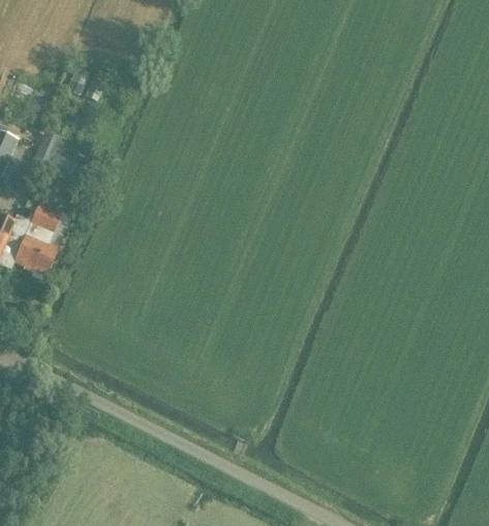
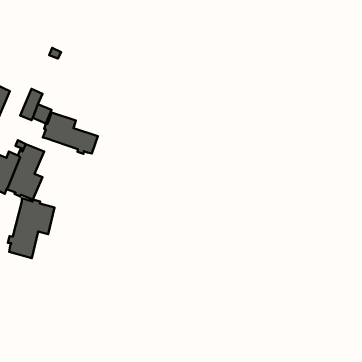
building: none -> [43,112,98,154]
building: none -> [8,198,55,258]

